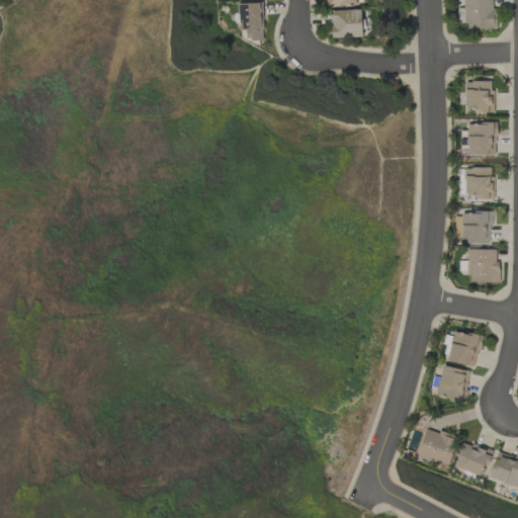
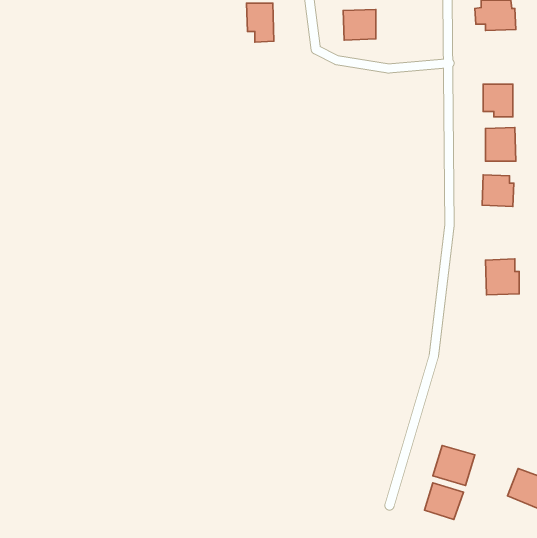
building: [461,211,492,244] -> none
building: [447,330,483,367] -> none
building: [436,365,469,403] -> none
building: [454,441,492,477] -> [424,483,463,520]

